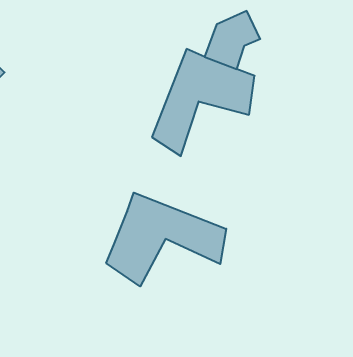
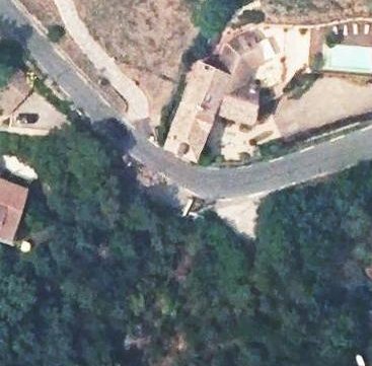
building: [106,193,226,286] -> none

